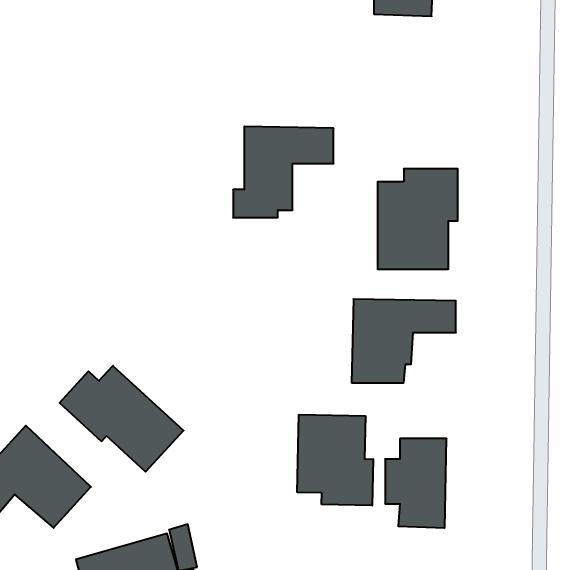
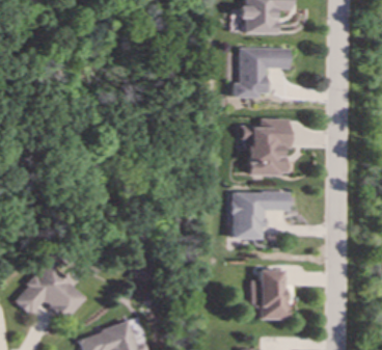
building: [233,126,334,218] -> [236,47,292,98]
building: [60,366,184,472] -> none
building: [297,415,373,506] -> none

